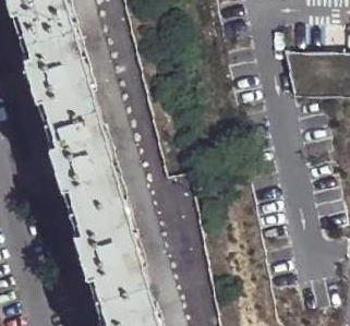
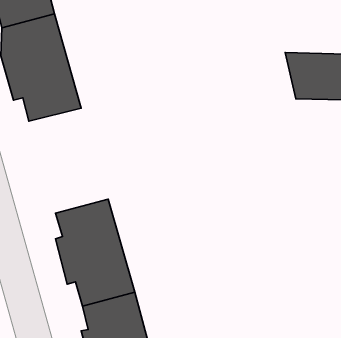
building: [46,106,120,204] -> none

